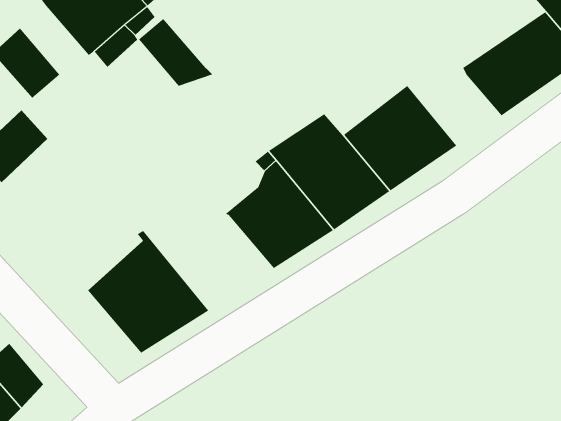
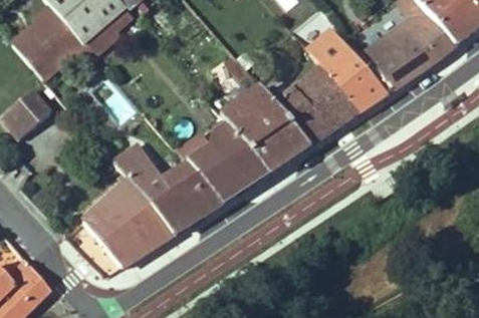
building: [138,18,213,87] -> [32,6,88,57]
building: none -> [307,29,393,110]
building: none -> [112,143,222,234]

